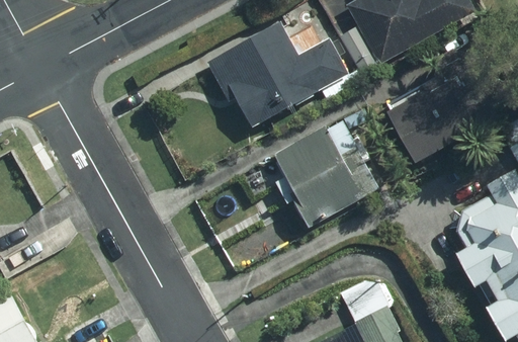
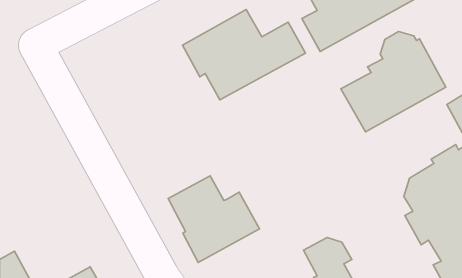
building: [273,130,374,226] -> [168,176,259,262]

